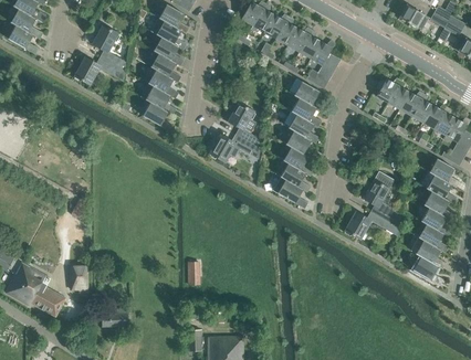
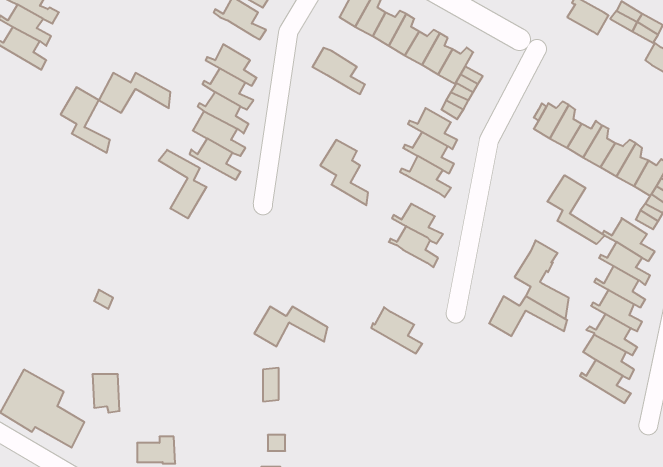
building: [150,18,187,50] -> [312,48,365,94]
building: [92,24,126,70] -> [61,87,110,153]
building: none -> [159,150,207,218]
building: [281,127,315,159] -> none
building: none -> [547,175,605,244]
building: [209,134,260,161] -> [254,307,328,346]
building: [272,176,307,208] -> [371,307,422,353]

